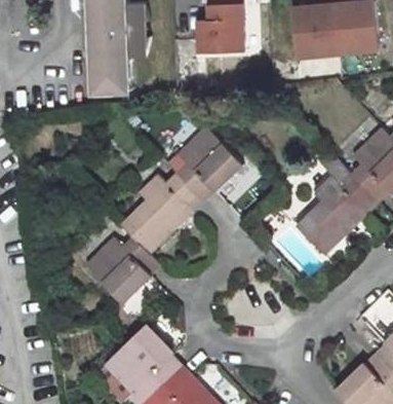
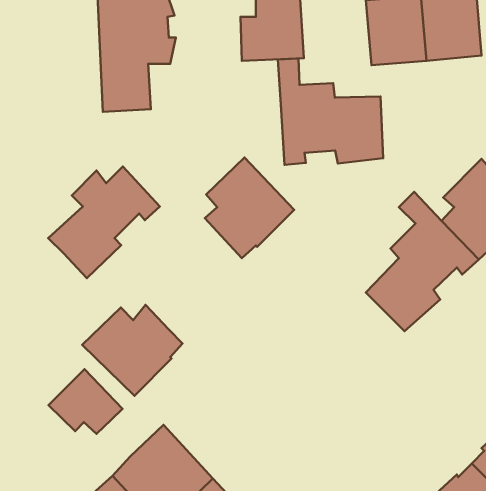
building: none -> [278,58,383,165]
building: [117,172,200,255] -> [48,166,160,278]
building: none -> [49,369,123,434]

